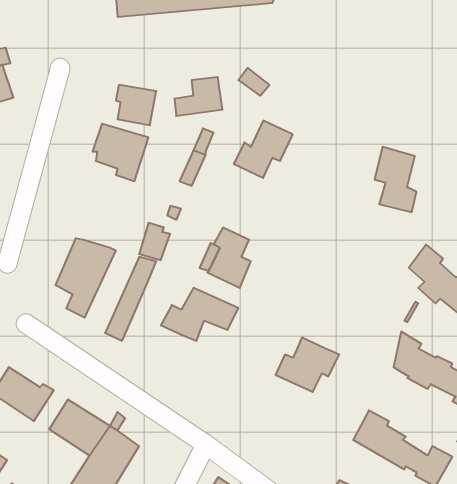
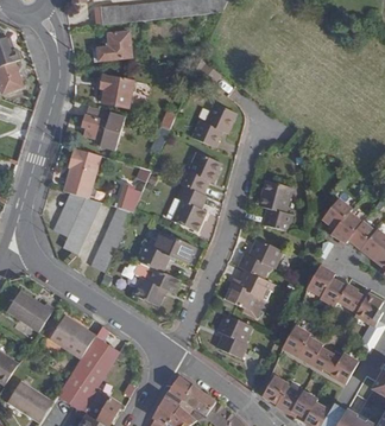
building: [174,77,223,116] -> [94,32,131,62]
building: [375,147,416,212] -> [257,180,289,230]
building: none -> [63,148,101,198]
building: none -> [177,152,220,193]
building: none -> [235,239,279,278]
building: none -> [132,267,178,306]
building: none -> [215,313,251,357]

